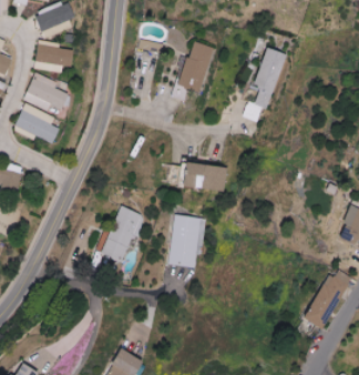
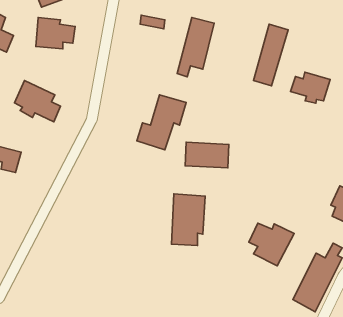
building: [24,73,70,111] -> none
building: none -> [290,72,330,103]
building: [96,206,145,261] -> [137,95,186,150]
building: none -> [249,223,294,266]

